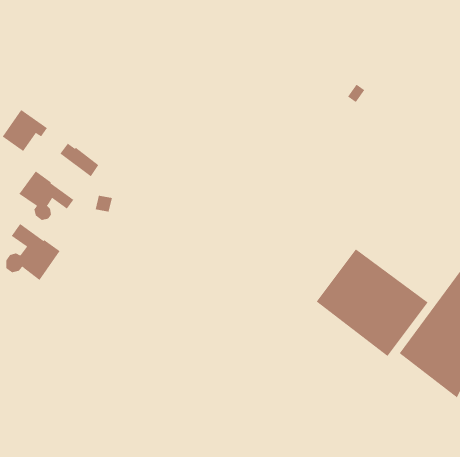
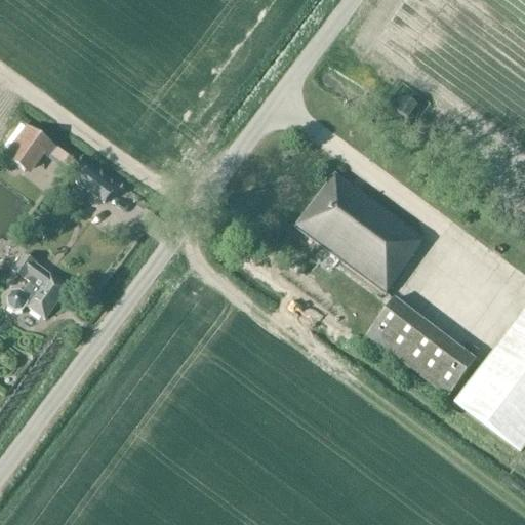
building: none -> [294,170,425,292]
building: [18,171,74,221] -> none

